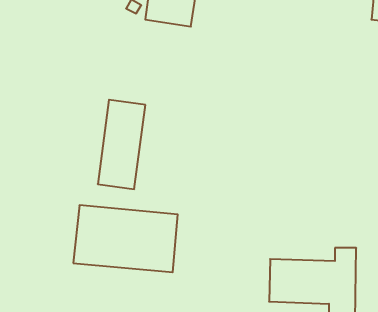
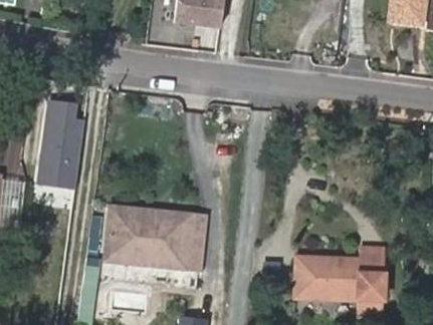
building: [98,100,145,189] -> [39,102,86,191]

